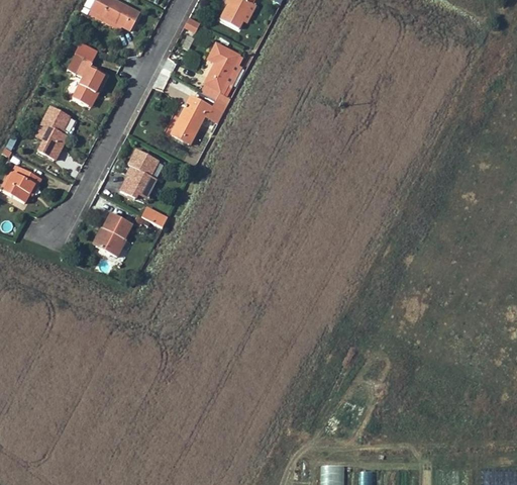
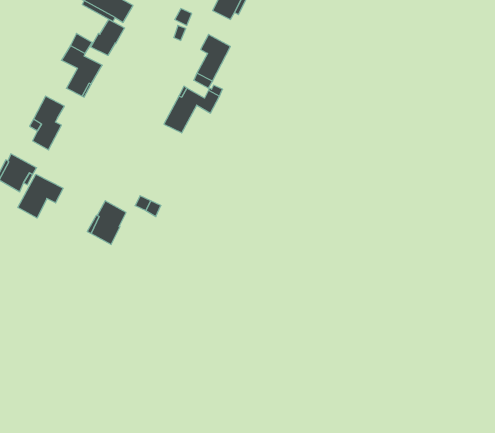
building: none -> [91,20,125,55]
building: [119,148,158,198] -> none
building: none -> [18,174,63,218]

